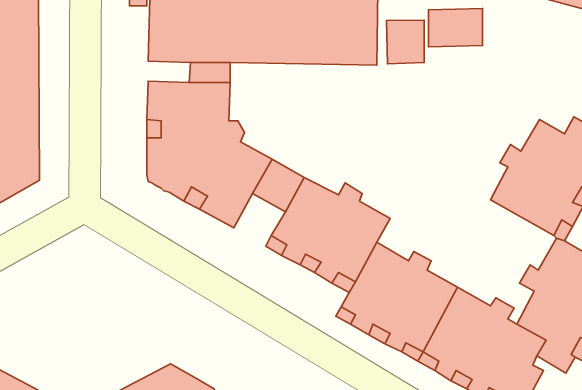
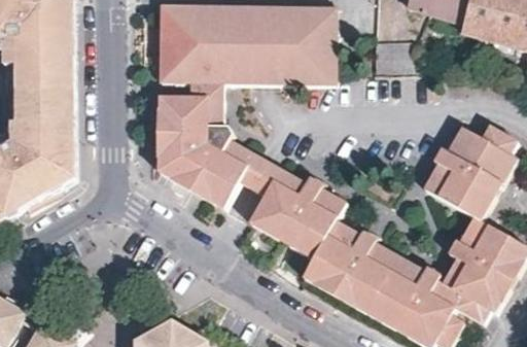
building: [387,20,424,64] -> none

